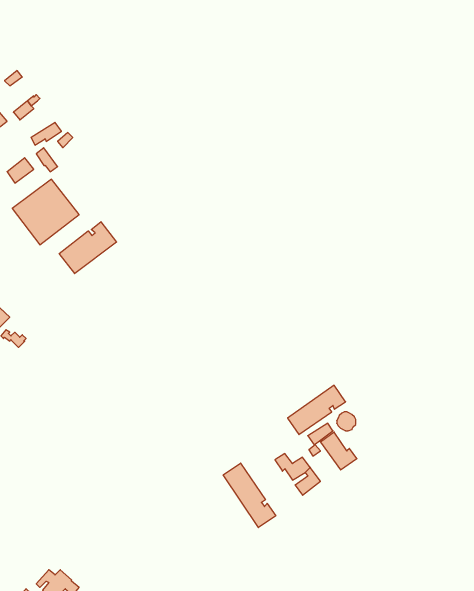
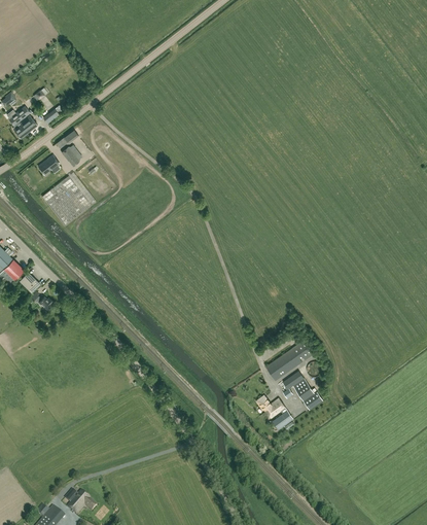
building: [59,222,117,274] -> none
building: [223,463,276,528] -> none

